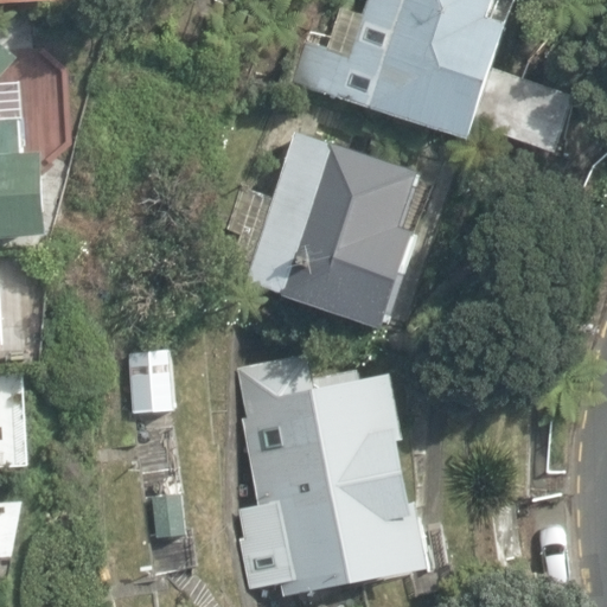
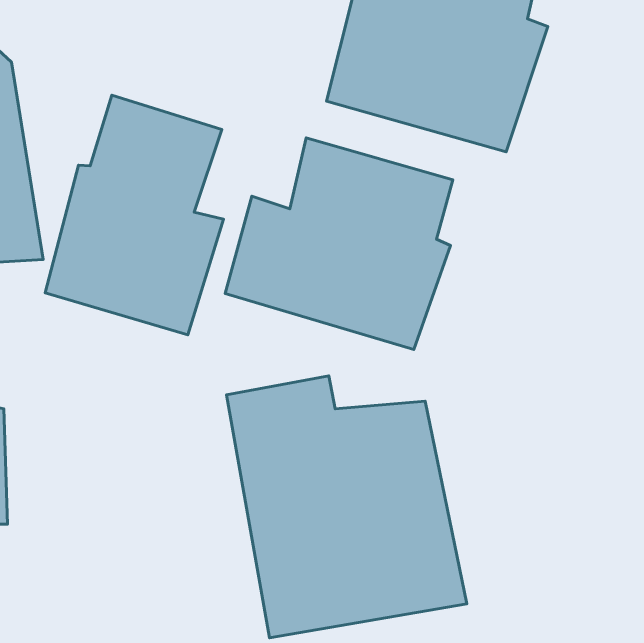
building: none -> [45,95,223,335]

